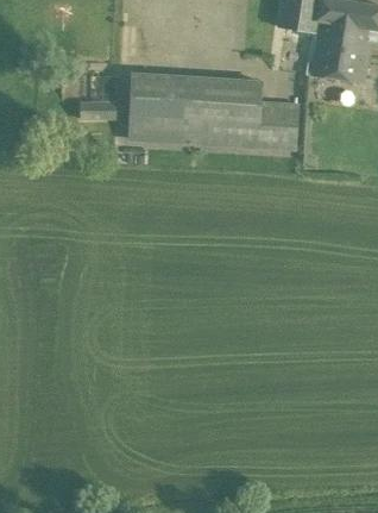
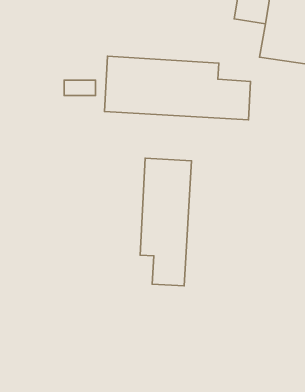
building: none -> [140,158,191,286]

